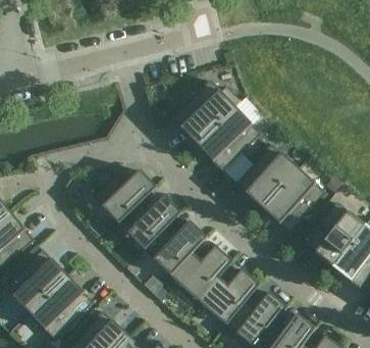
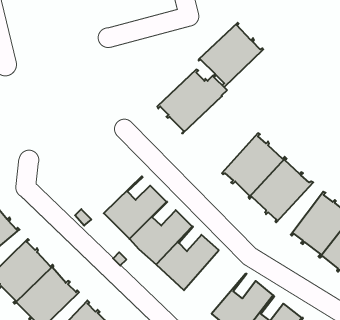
building: [197,107,261,171] -> [199,23,263,87]
building: [93,169,156,223] -> none
building: [198,260,259,324] -> none

